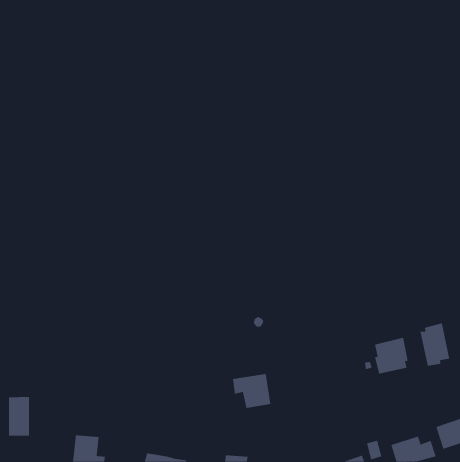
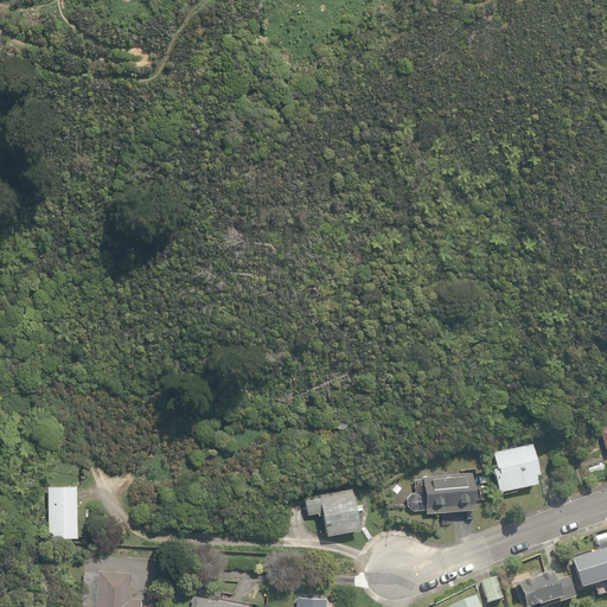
building: [420,323,450,366] -> none
building: none -> [408,472,475,512]
building: [8,396,30,436] -> [50,486,78,538]

